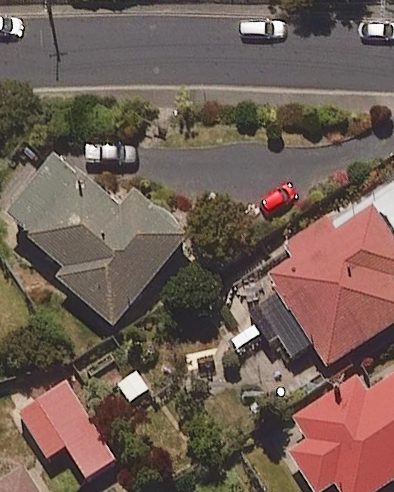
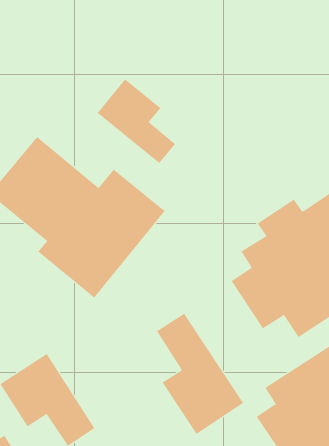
building: none -> [97,78,176,164]
building: none -> [156,313,244,435]

